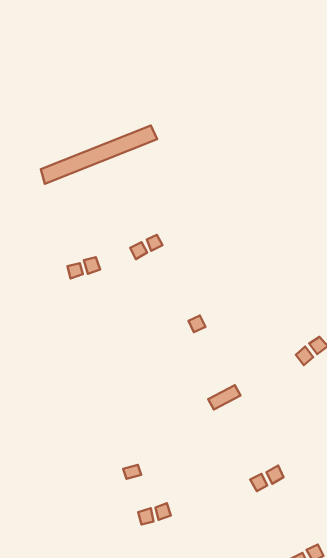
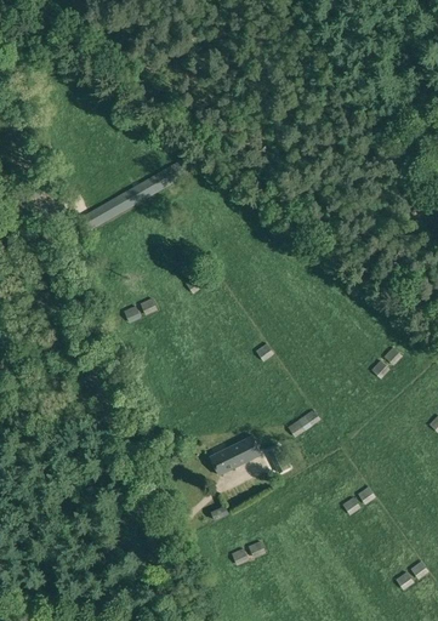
building: none -> [210,435,261,474]

